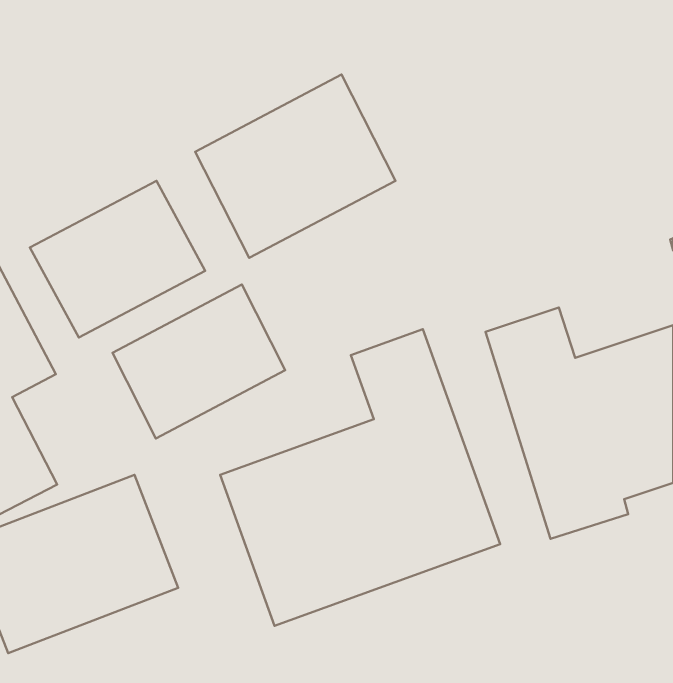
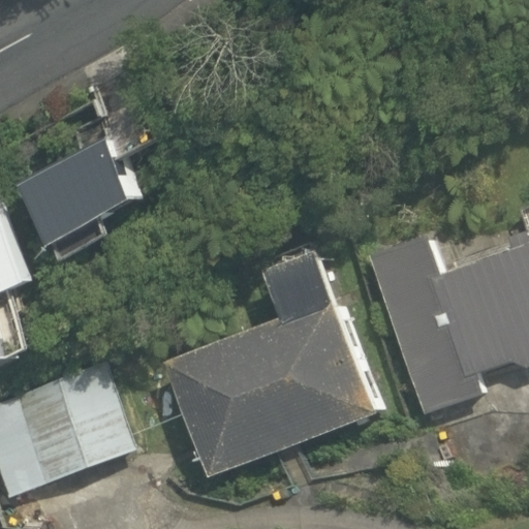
building: [195,75,396,258] -> none
building: [112,285,285,438] -> none

